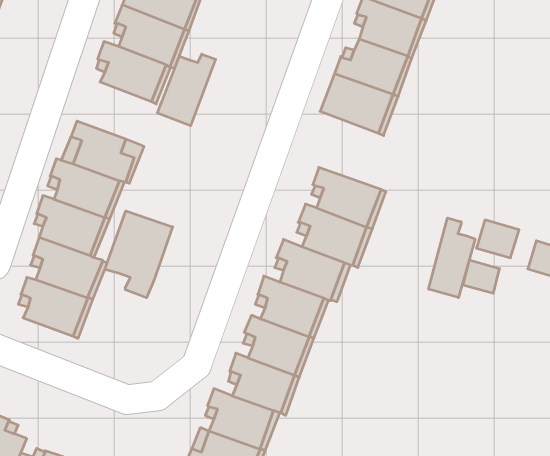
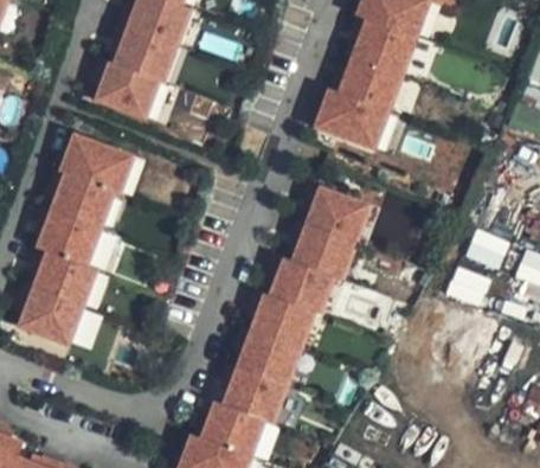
building: [158,54,216,126] -> none
building: [105,211,173,298] -> none
building: [429,218,475,298] -> none

